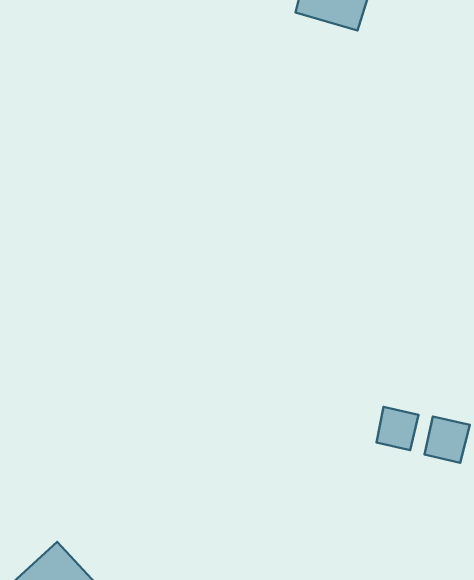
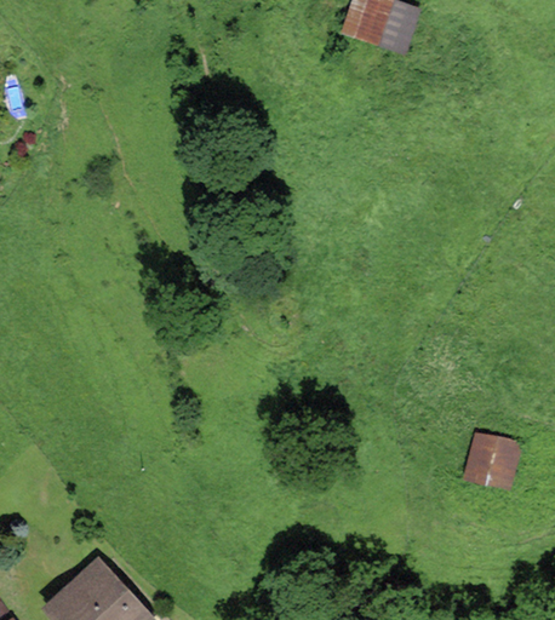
building: [376,407,418,450] -> none

